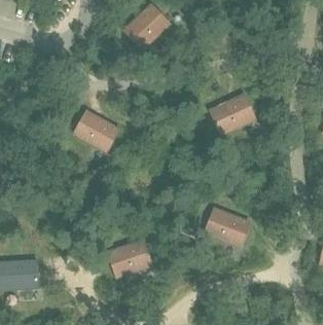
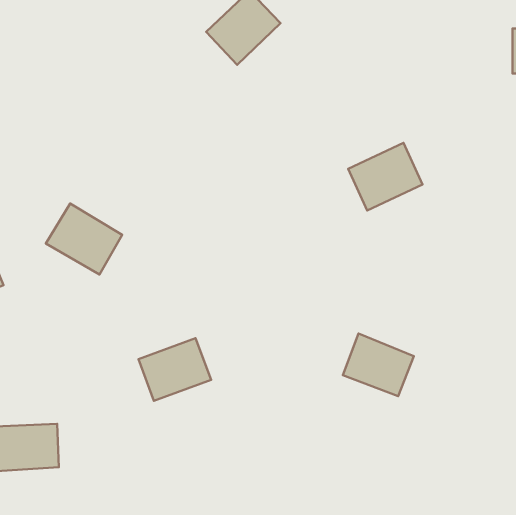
building: [73,111,118,153] -> [46,203,122,275]
building: [107,240,150,277] -> [138,338,211,401]

